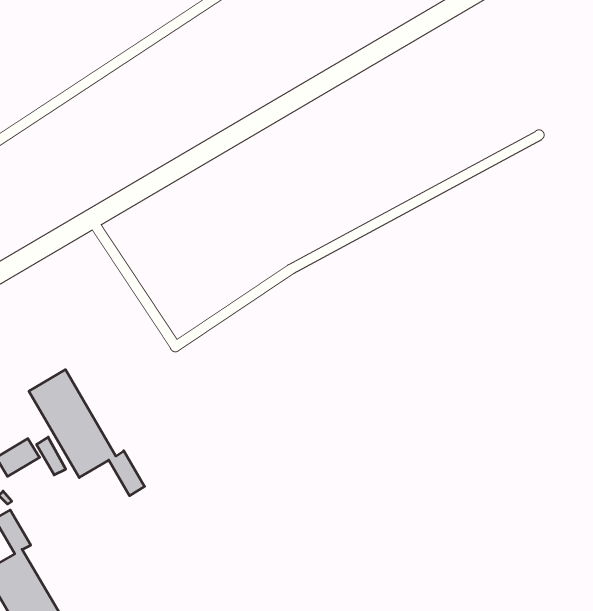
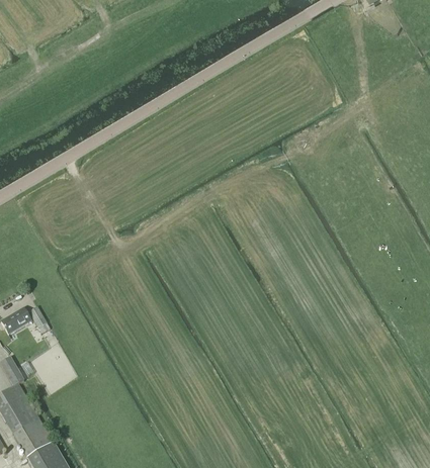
building: [29,370,145,496] -> none

